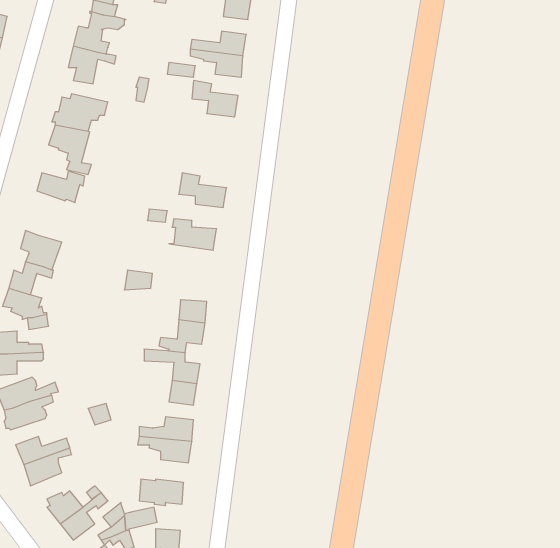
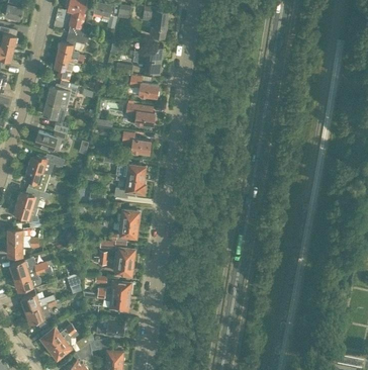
building: none -> [126,104,155,129]
building: none -> [28,154,65,175]
building: none -> [115,176,146,199]

